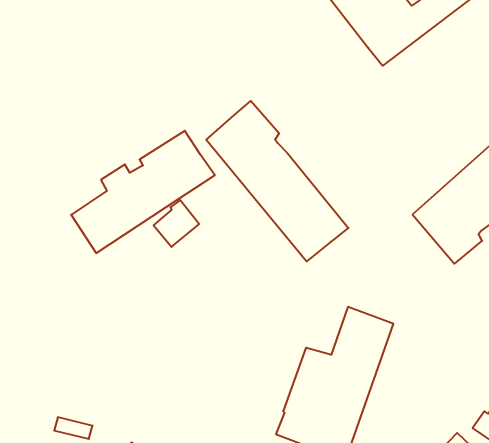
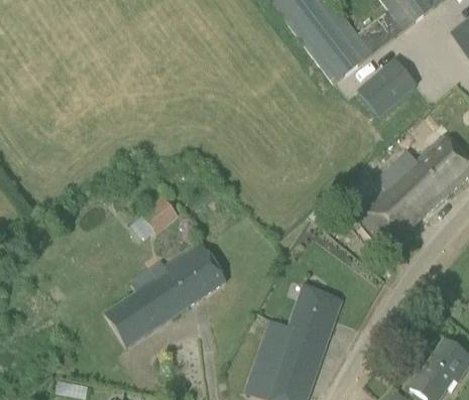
building: none -> [358,57,419,116]
building: [206,101,349,261] -> none
building: [71,131,215,253] -> [106,242,227,345]

